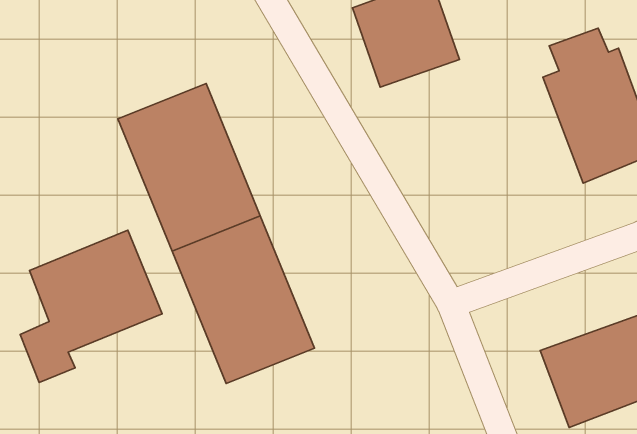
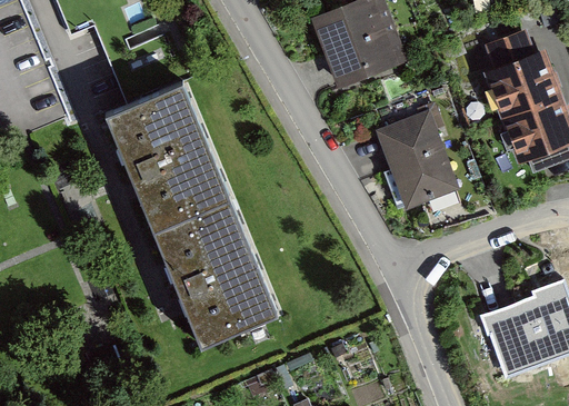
building: none -> [375,110,461,211]
building: [20,230,162,382] -> none

